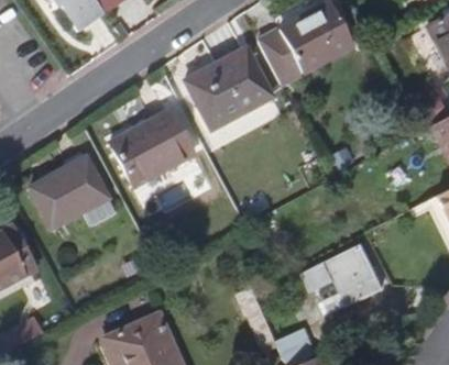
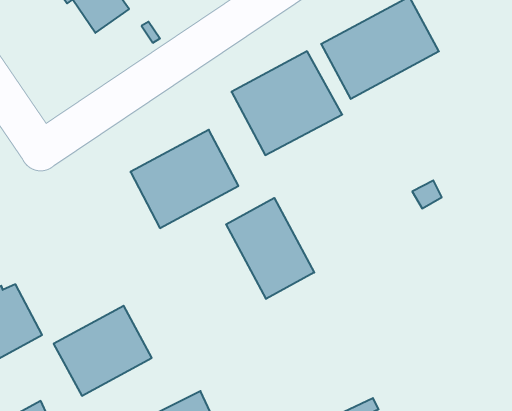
building: [31,155,108,225] -> [54,306,152,396]
building: none -> [226,198,314,299]
building: [309,247,373,303] -> none

